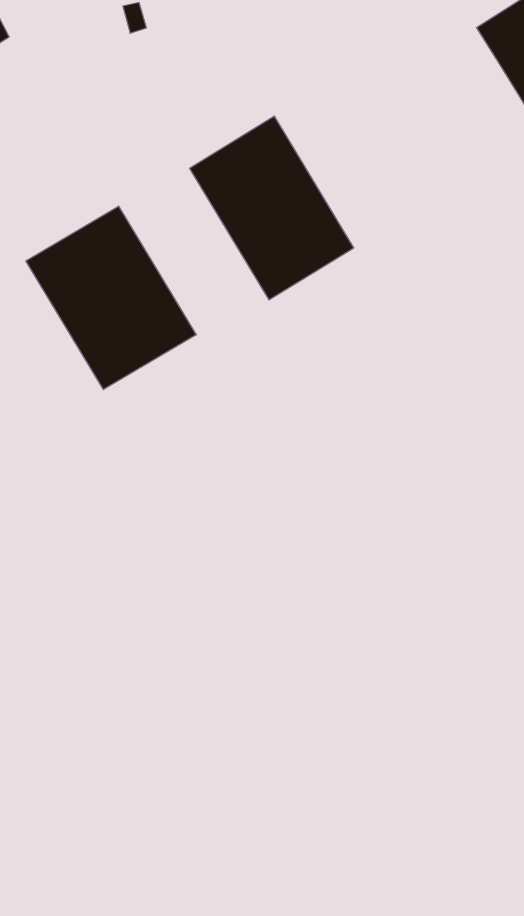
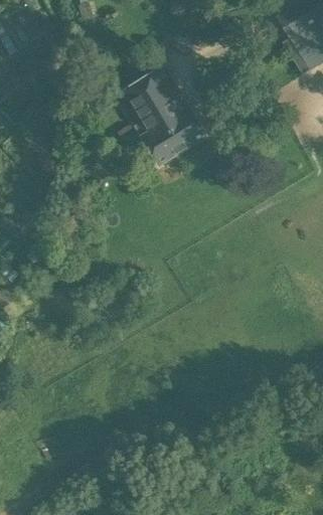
building: [26,206,196,390] -> none

